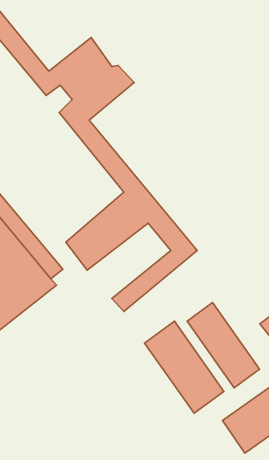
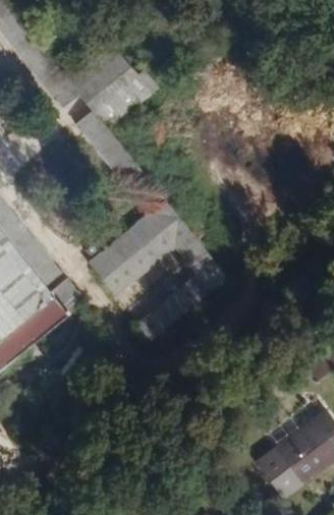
building: [187,303,259,388] -> none
building: [145,321,224,413] -> none

